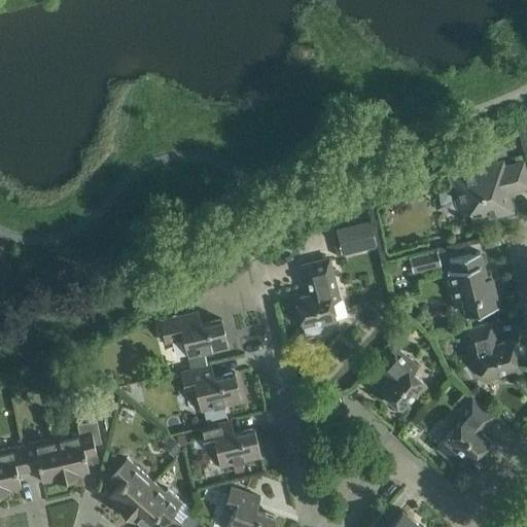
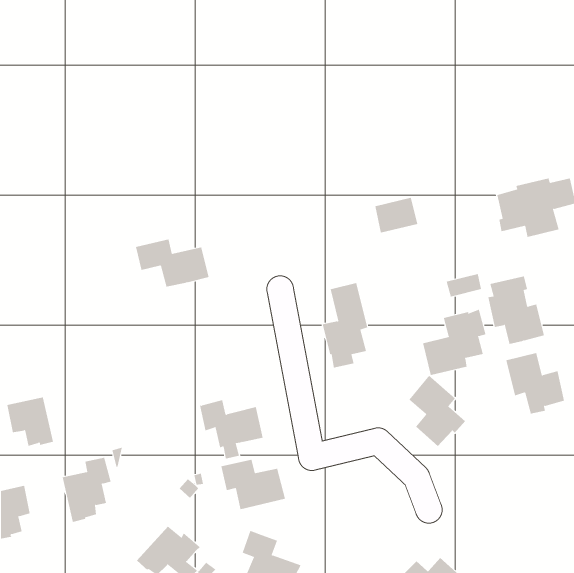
building: [338,222,378,255] -> [374,197,418,233]
building: none -> [422,309,486,376]
building: [162,314,230,358] -> [135,239,210,287]
building: [437,397,494,465] -> none
building: [24,438,67,484] -> [6,397,54,446]
building: [109,459,154,515] -> none

